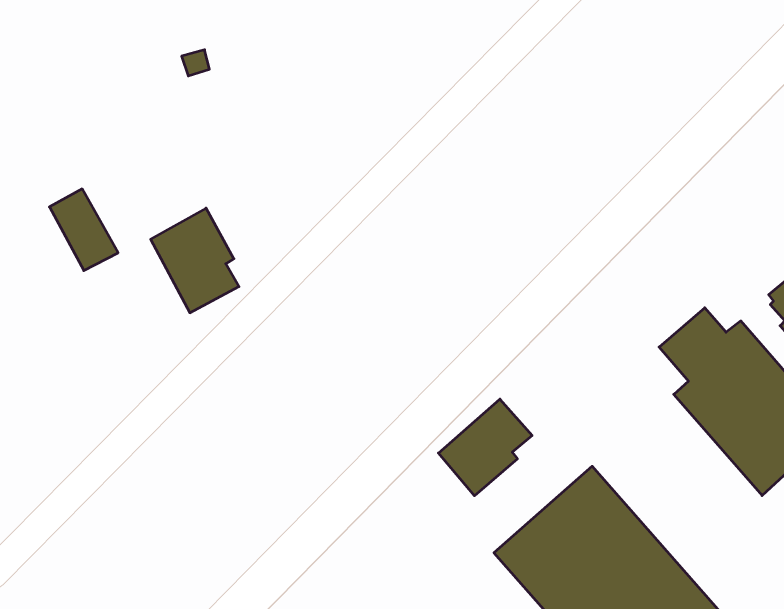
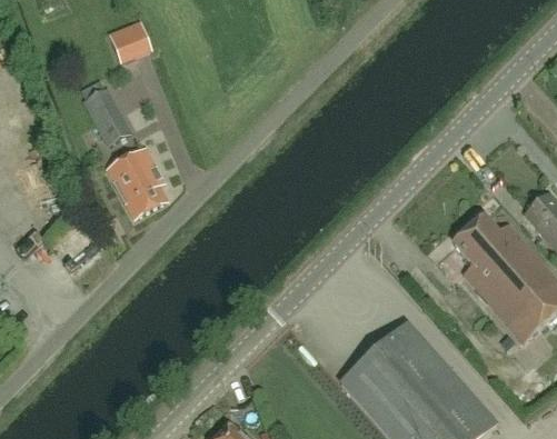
building: [49,189,118,271] -> [82,87,129,142]
building: [438,399,532,496] -> none

